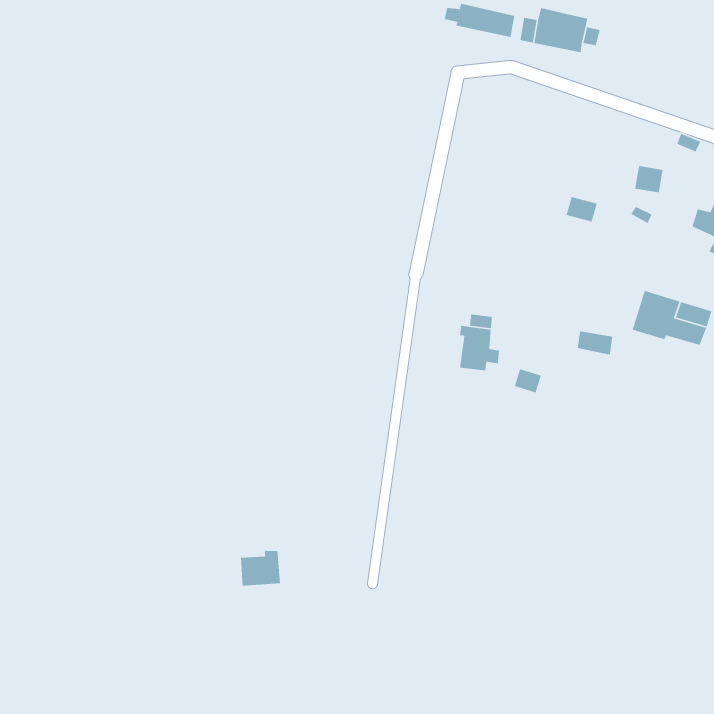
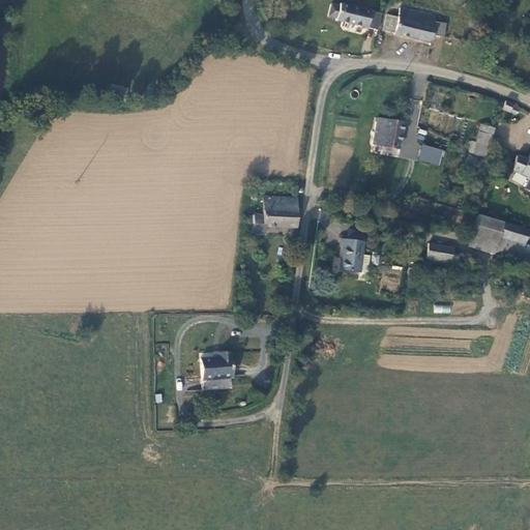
building: none -> [373,117,406,147]
building: none -> [255,195,298,233]
building: [240,550,281,587] -> [202,356,232,383]

